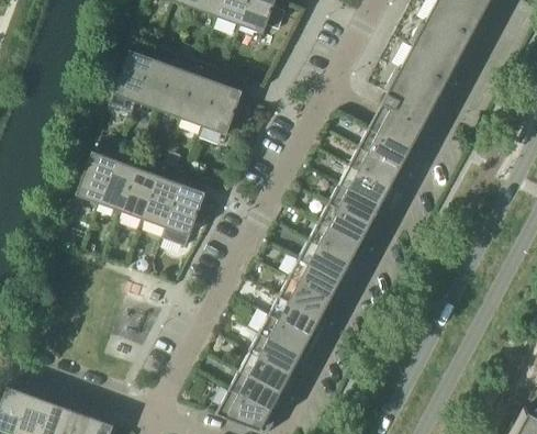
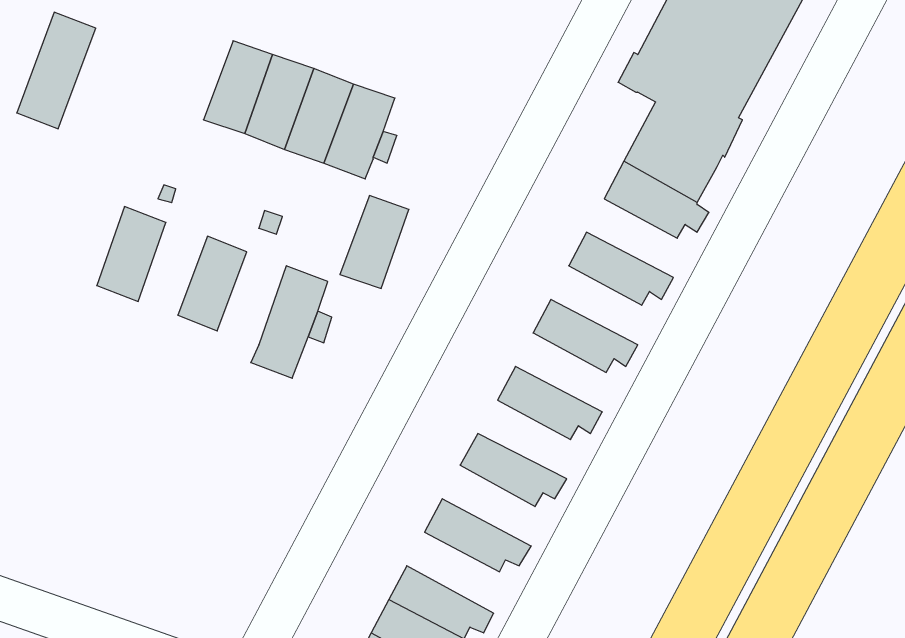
building: [109,51,153,115] -> [17,12,96,129]
building: [349,147,403,191] -> none
building: [100,160,138,212] -> none
building: [144,177,182,229] -> [340,196,409,288]
building: [329,185,383,229] -> none
building: [310,222,363,266] -> none
building: [289,259,344,303] -> none
building: [269,296,324,341] -> none
building: [249,333,304,378] -> none

